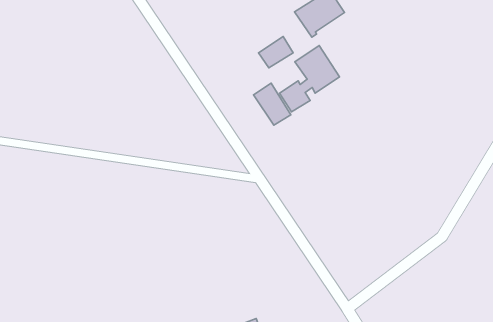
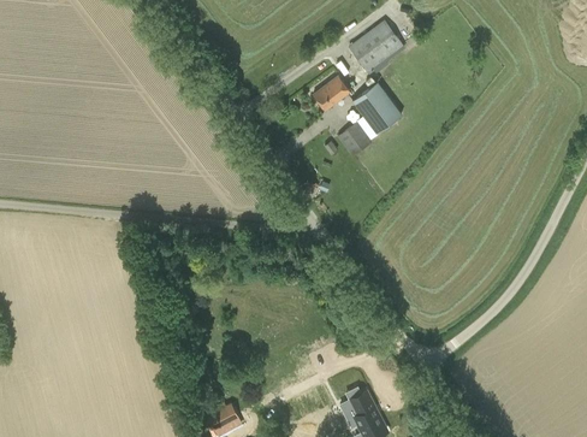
building: [254,83,291,125] -> none

